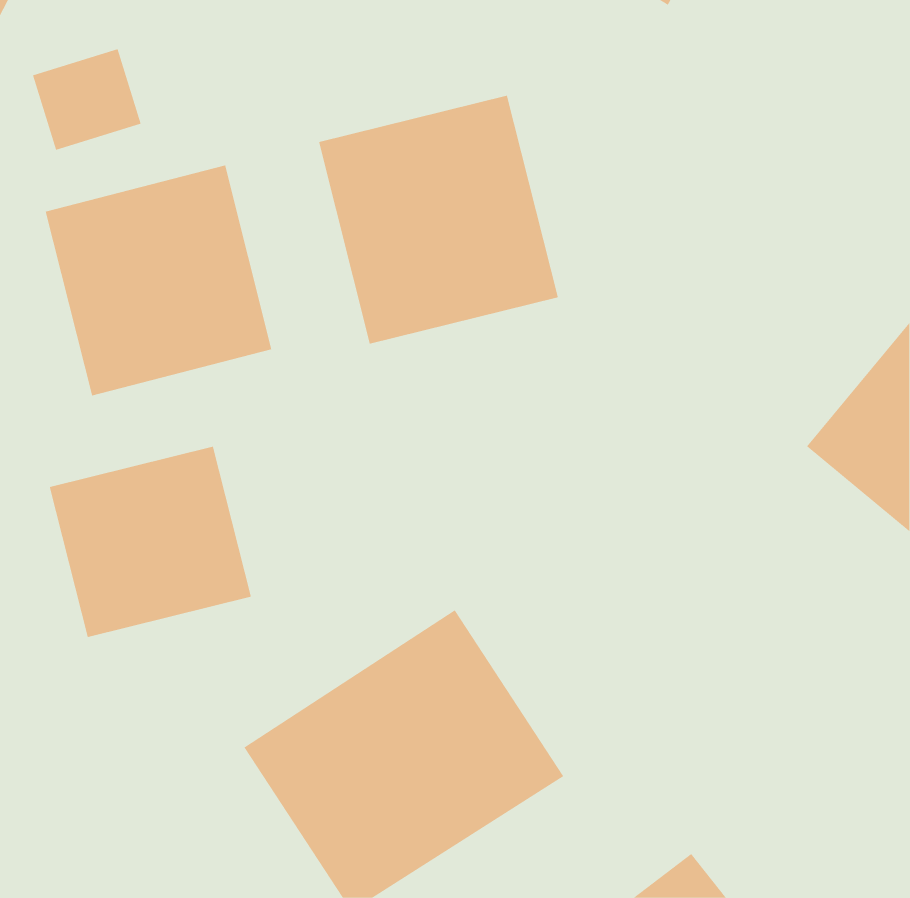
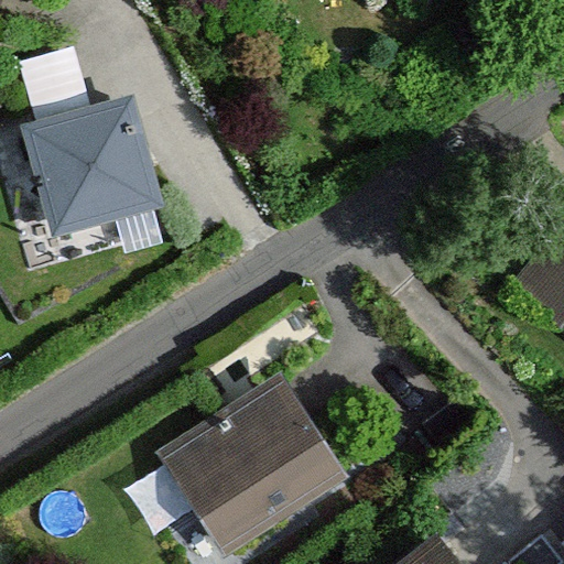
building: [318,95,558,345] -> none
building: [49,446,251,638] -> none

